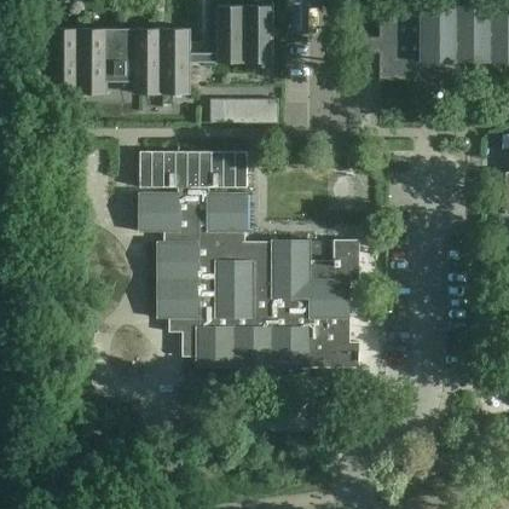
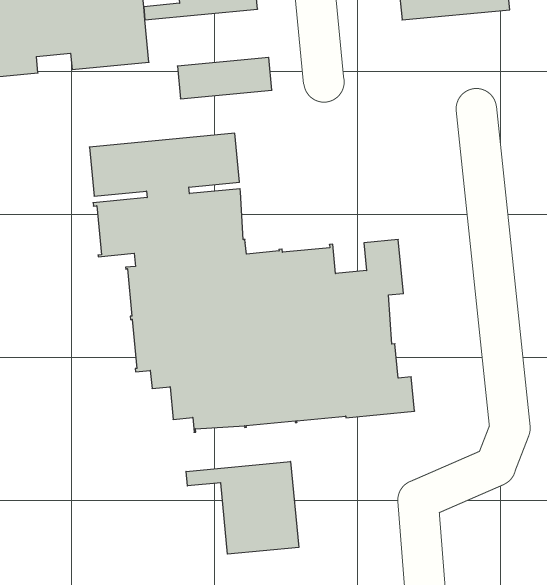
building: none -> [186,461,299,554]

